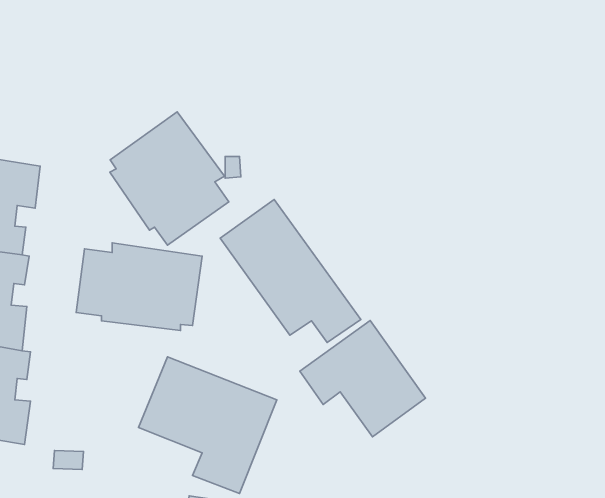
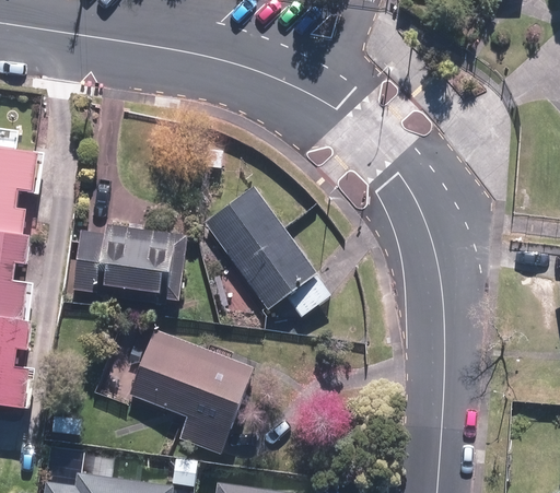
building: [110,112,229,245] -> none
building: [300,321,426,437] -> none

